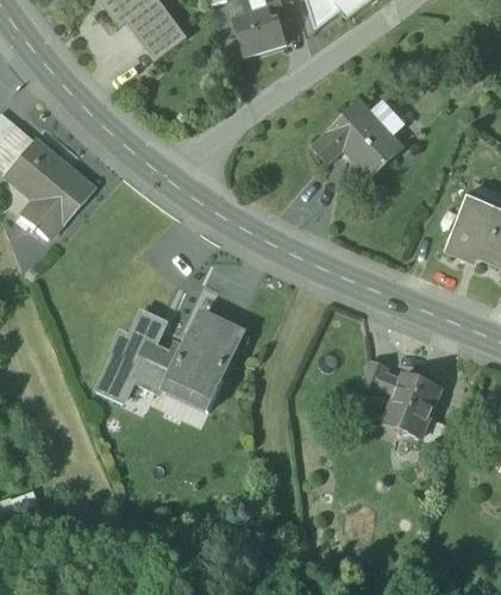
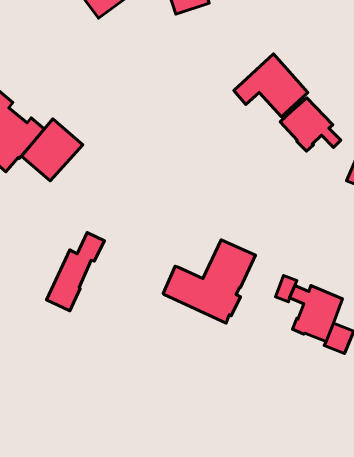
building: none -> [280,98,341,151]
building: none -> [21,119,83,181]
building: [133,311,242,408] -> [163,240,256,323]

